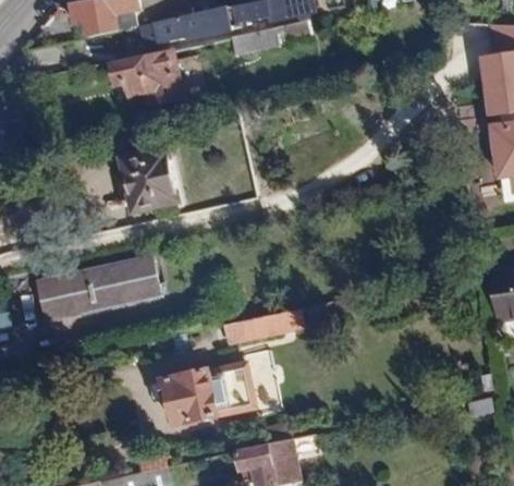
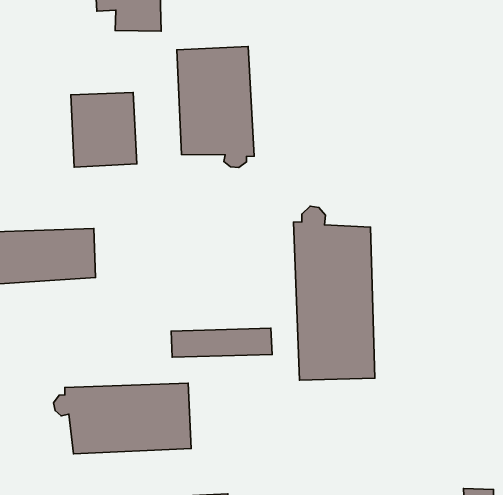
building: none -> [177,47,254,167]
building: none -> [293,206,375,380]

